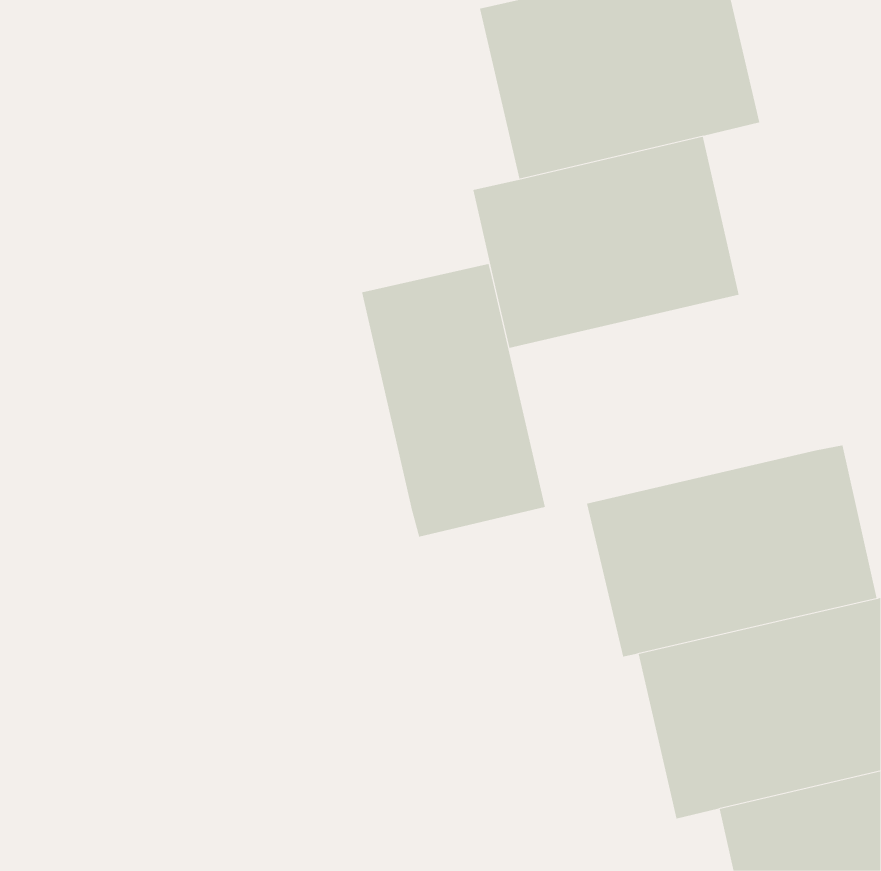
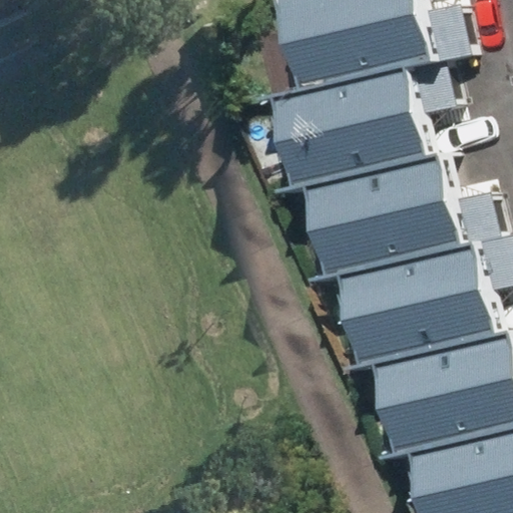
building: [361,263,545,538] -> none
building: none -> [305,166,474,296]

